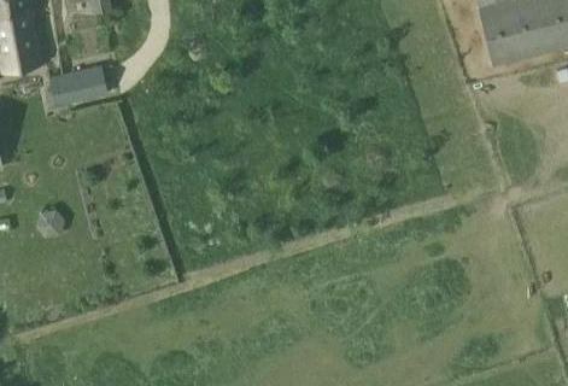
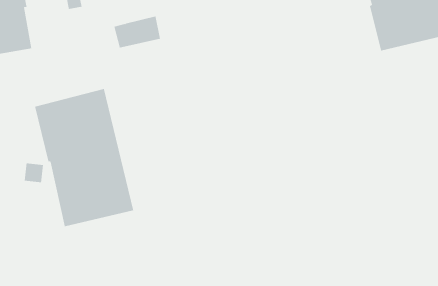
building: [48,66,109,107] -> [114,16,161,48]
building: none -> [35,88,134,227]

